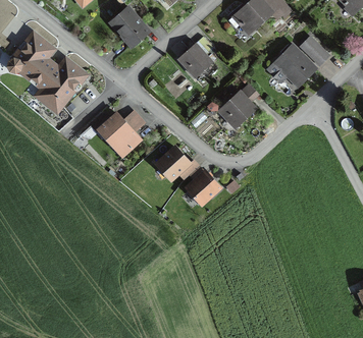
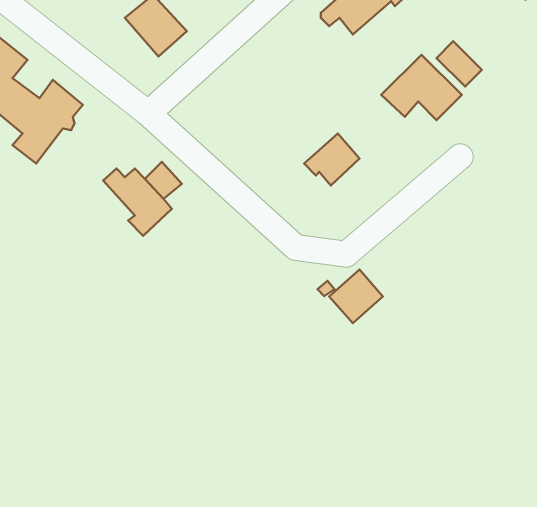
building: [178,37,213,77] -> none
building: [157,147,190,179] -> none
building: [188,171,220,204] -> [329,270,383,323]

